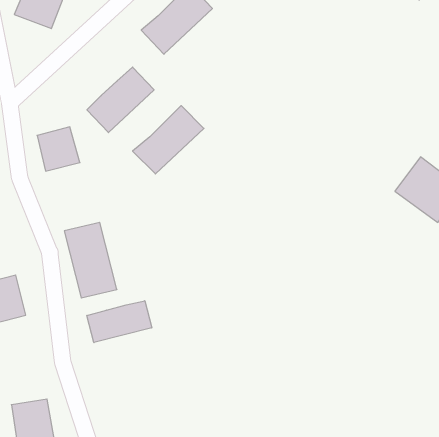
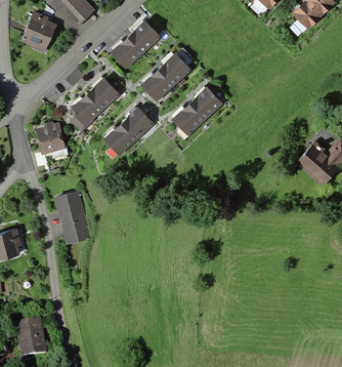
building: none -> [141,51,191,101]
building: none -> [173,85,223,135]
building: [87,301,152,343] -> none

